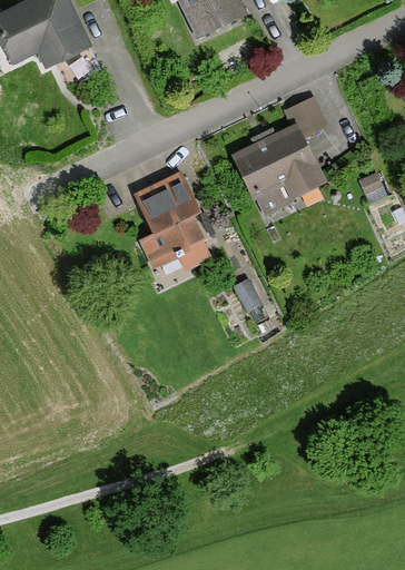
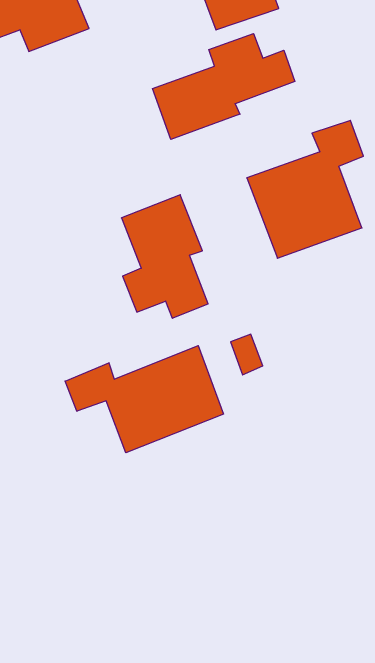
building: none -> [152,34,295,139]
building: none -> [65,346,223,453]

